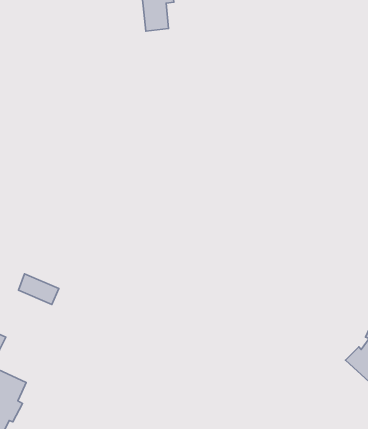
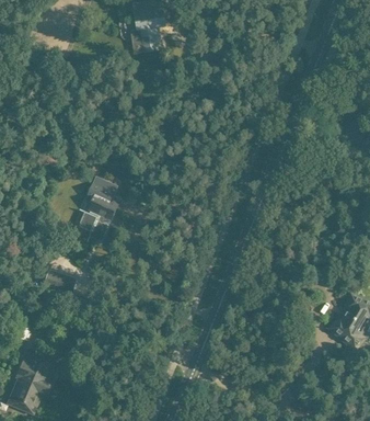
building: none -> [79,175,118,243]

